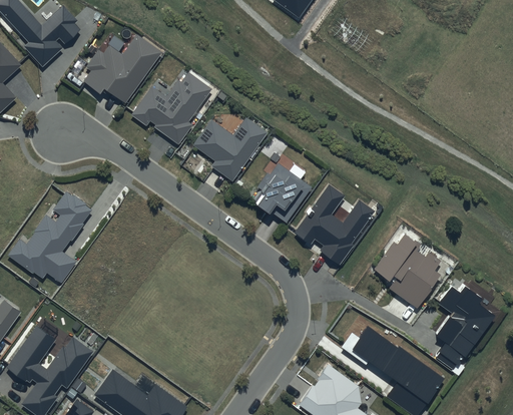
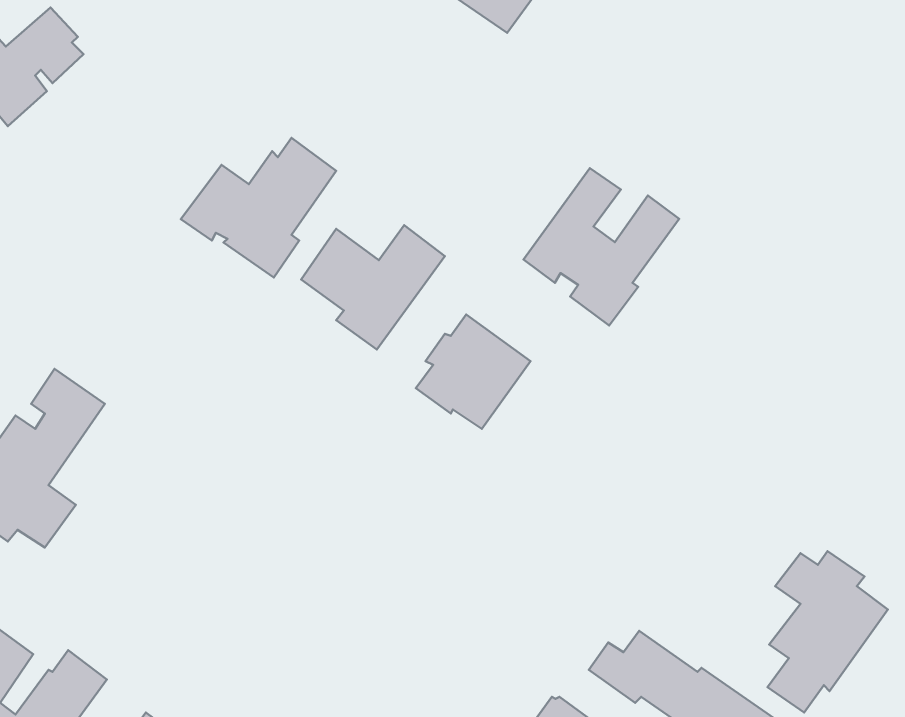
building: [82,33,162,104] -> none
building: [295,184,375,266] -> [524,168,679,326]
building: [373,235,441,310] -> none

